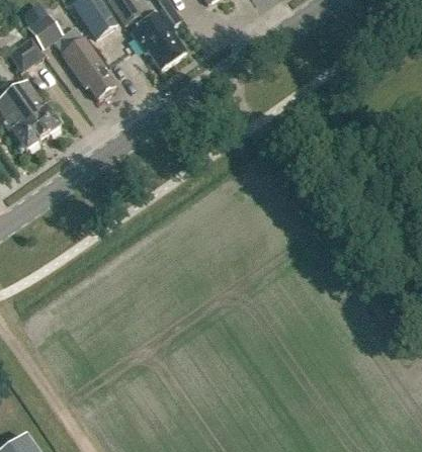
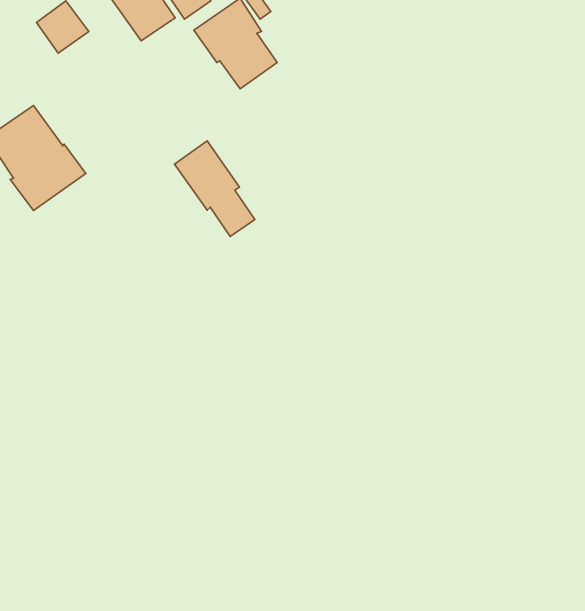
building: [63,36,115,99] -> [175,141,255,236]
building: [9,37,44,71] -> none

